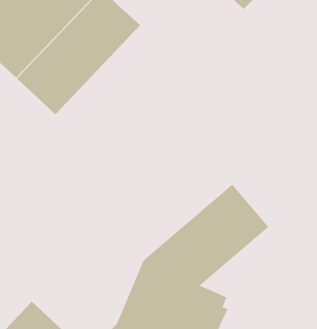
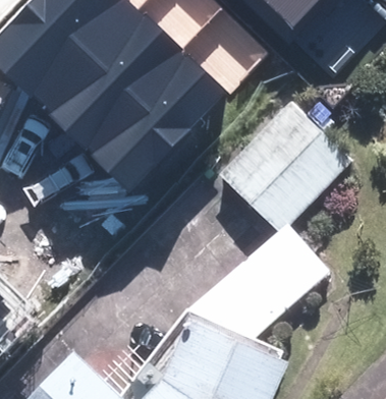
building: none -> [90,52,227,191]
building: none -> [215,103,346,234]

